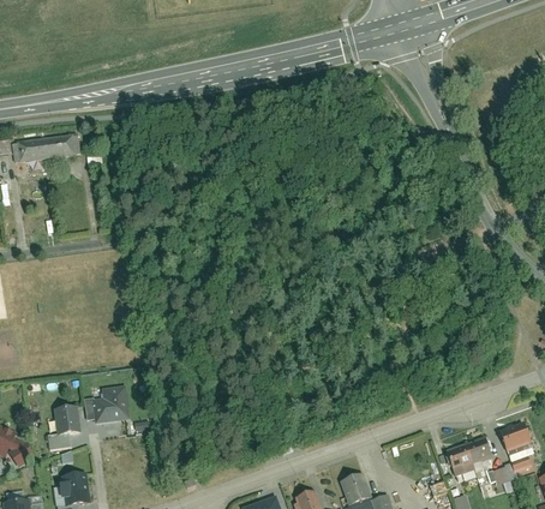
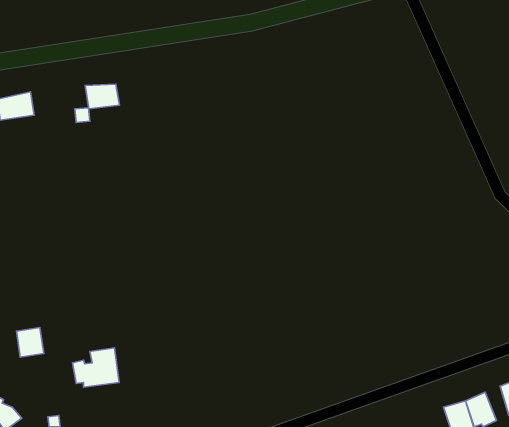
building: [42,134,76,158] -> [85,84,120,109]
building: [53,407,79,436] -> [17,328,44,357]

